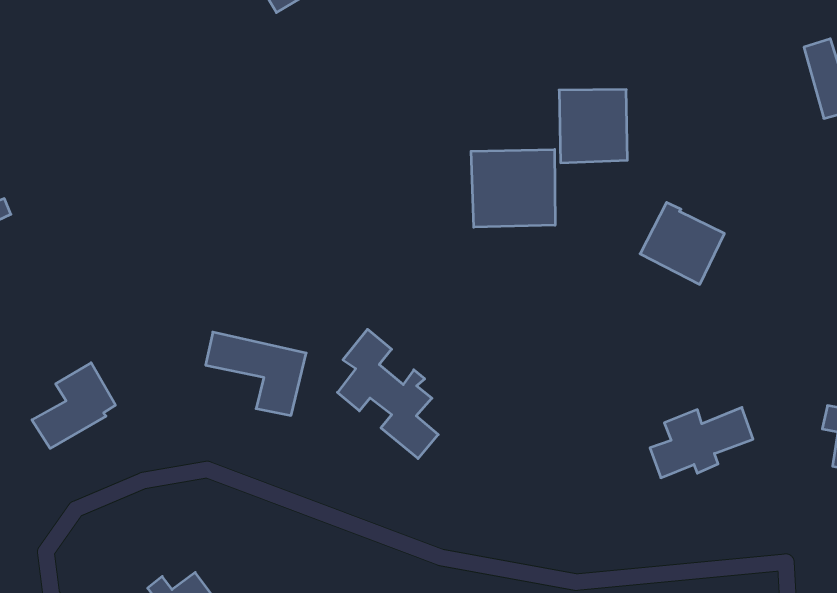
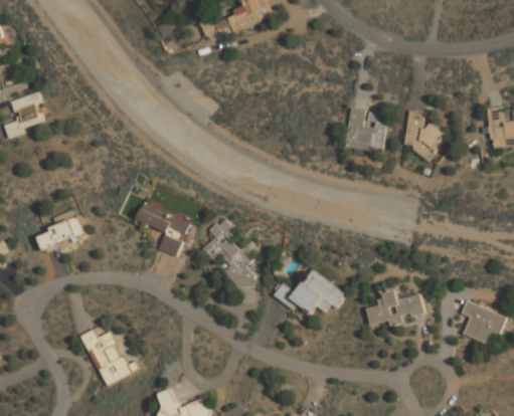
building: [471,149,555,227] -> none
building: [640,202,724,284] -> [398,112,446,159]
building: none -> [272,269,342,315]

